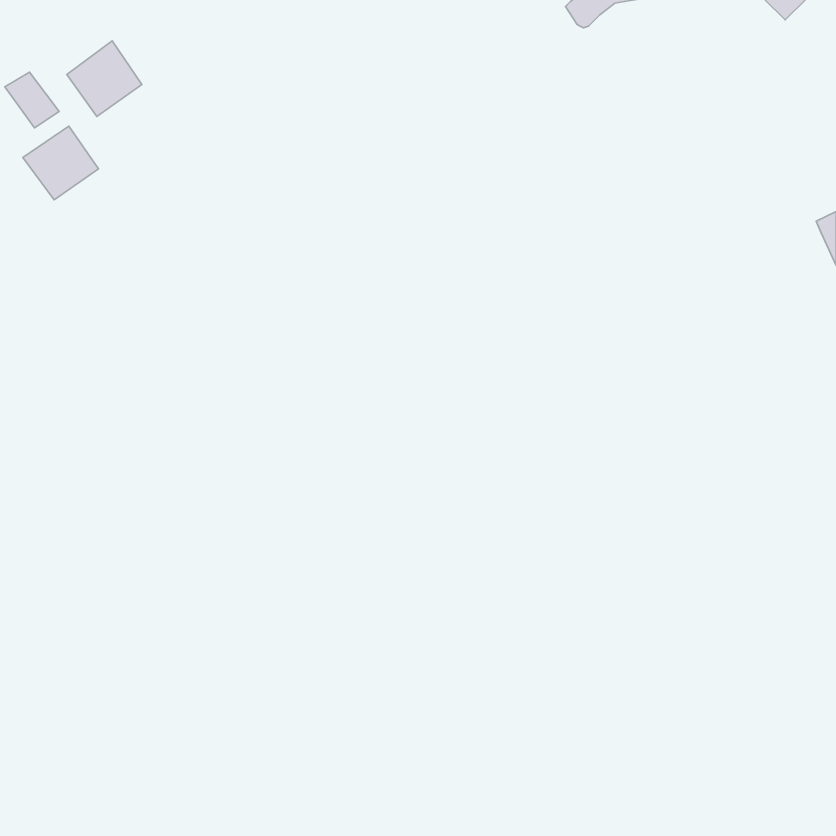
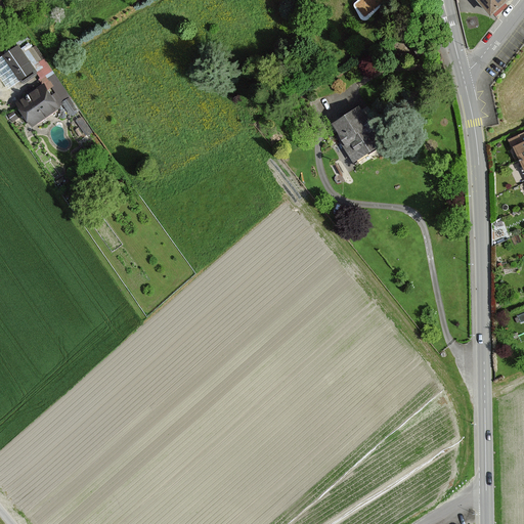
building: [67,41,142,116] -> none
building: none -> [333,107,381,160]

